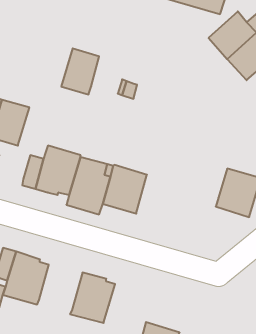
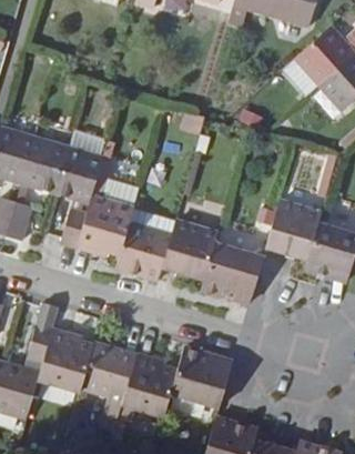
building: [61,48,99,94] -> [55,145,103,203]
building: none -> [266,199,322,259]
building: none -> [202,242,264,302]
building: none -> [82,341,136,401]
building: none -> [170,345,233,408]

